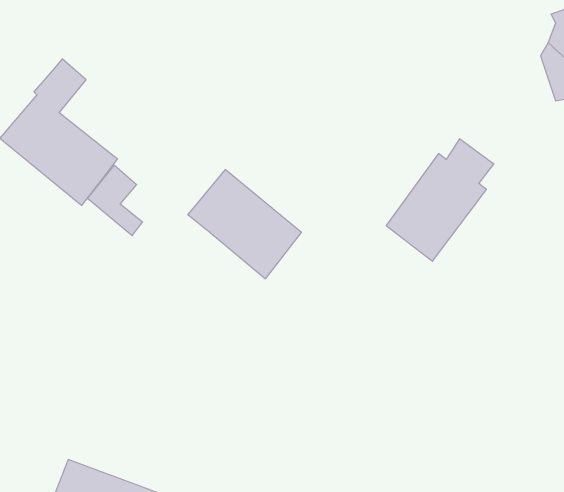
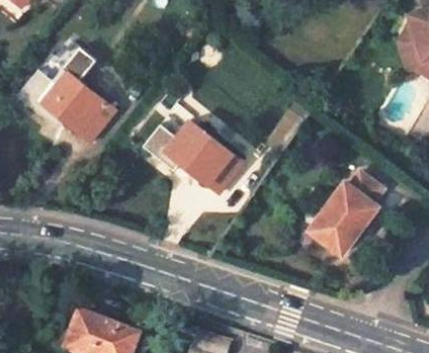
building: [386,139,494,261] -> [310,169,382,252]
building: [87,165,143,236] -> [141,121,178,169]

